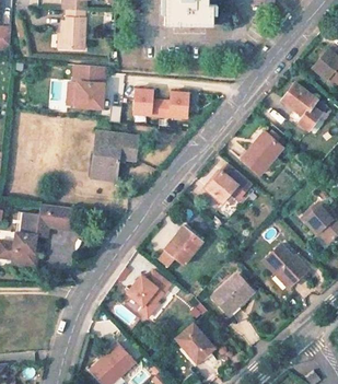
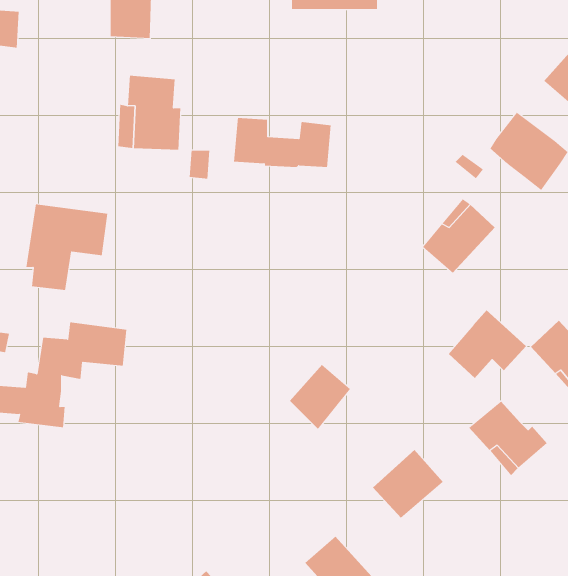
building: [91,129,138,178] -> [25,204,108,290]
building: [206,162,250,201] -> [448,309,527,379]
building: [126,270,170,317] -> none

